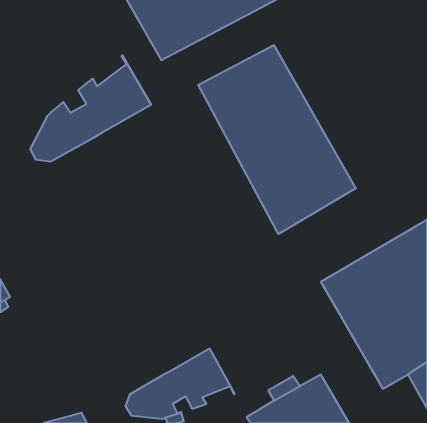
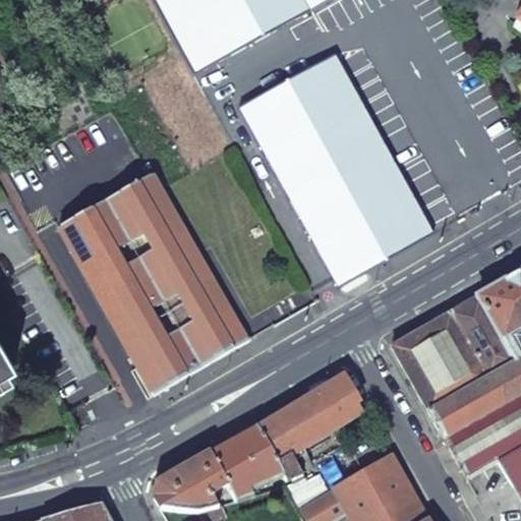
building: [30,55,151,162] -> none
building: none -> [57,173,247,393]
building: none -> [255,373,361,479]

